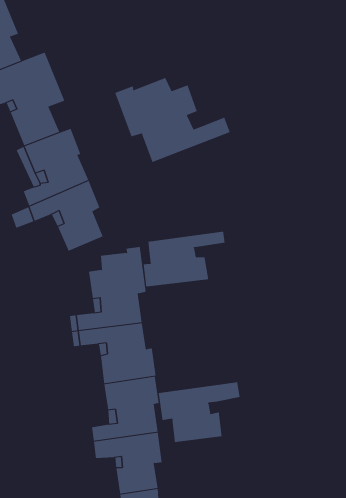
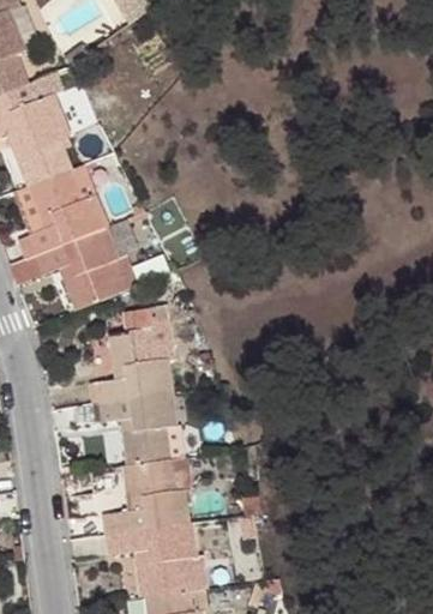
building: [114,77,231,163] -> none
building: [143,231,225,287] -> none
building: [158,382,240,443] -> none

